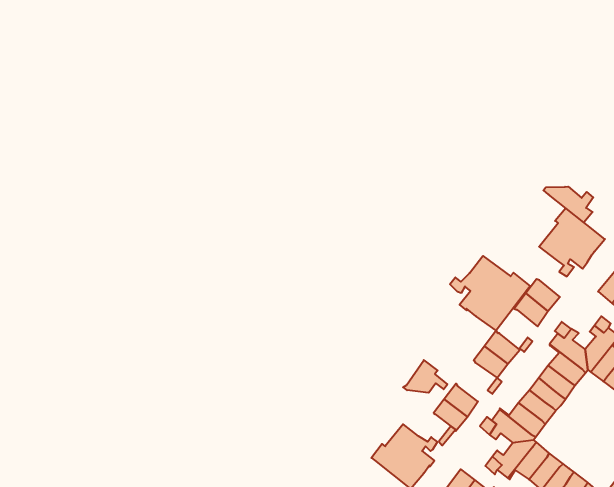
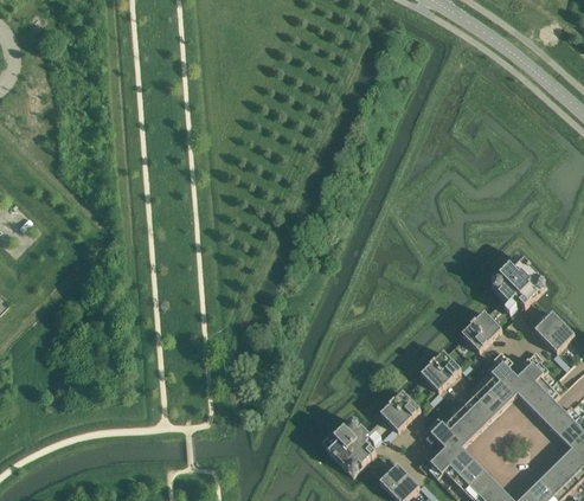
building: [543,187,593,222] -> none
building: [450,256,530,331] -> none
building: [403,360,447,393] -> none

